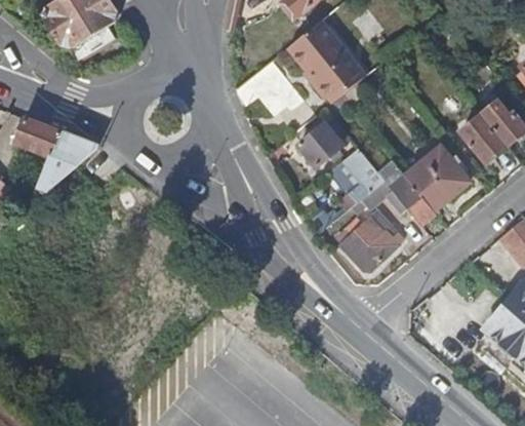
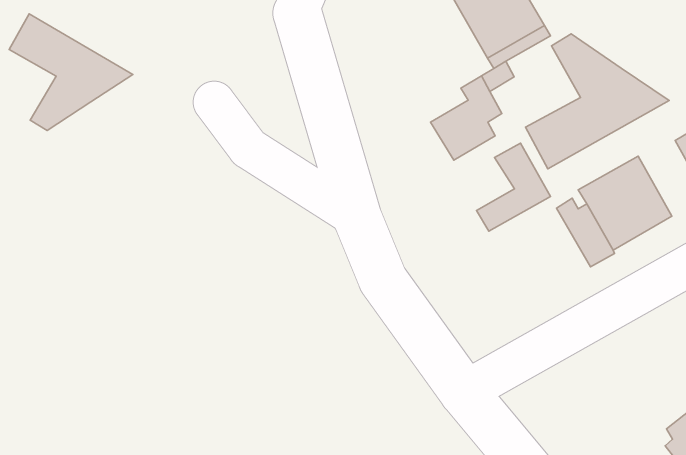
building: none -> [526,34,669,169]
building: [341,210,399,269] -> none

